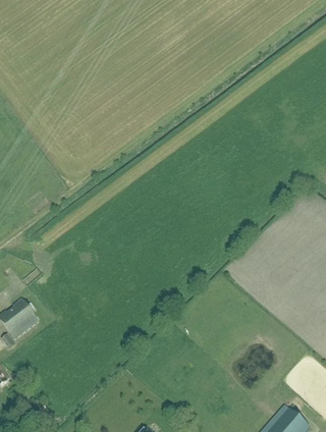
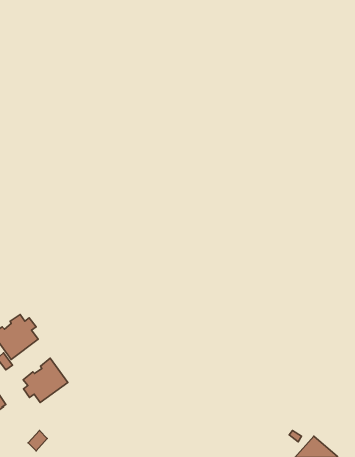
building: none -> [23,358,68,402]

